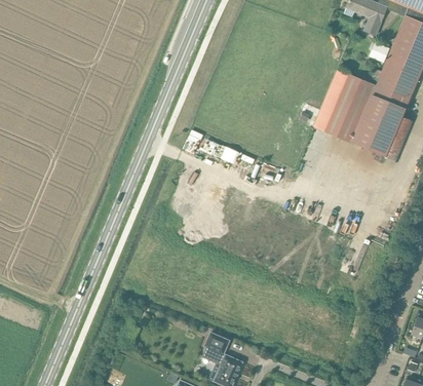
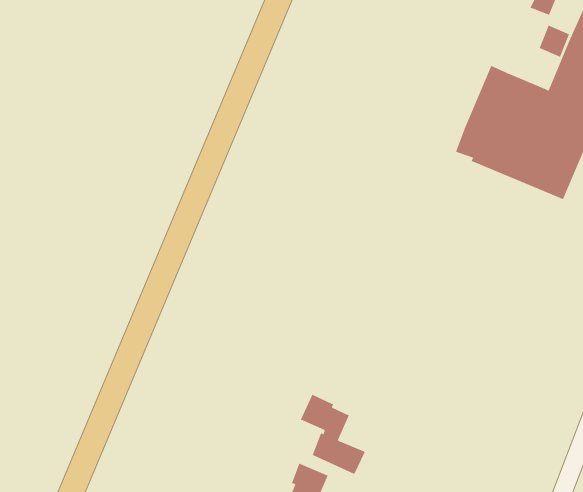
building: none -> [300,394,366,475]

